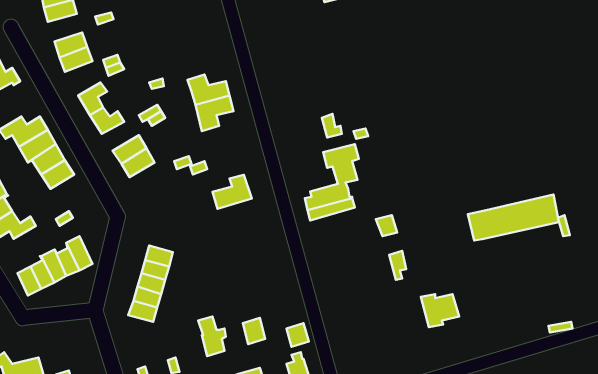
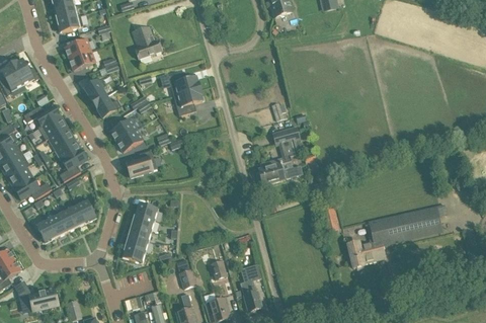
building: none -> [132,24,162,59]
building: none -> [60,149,87,181]
building: [212,175,252,209] -> [127,150,157,176]
building: [468,195,559,241] -> [371,208,440,243]

